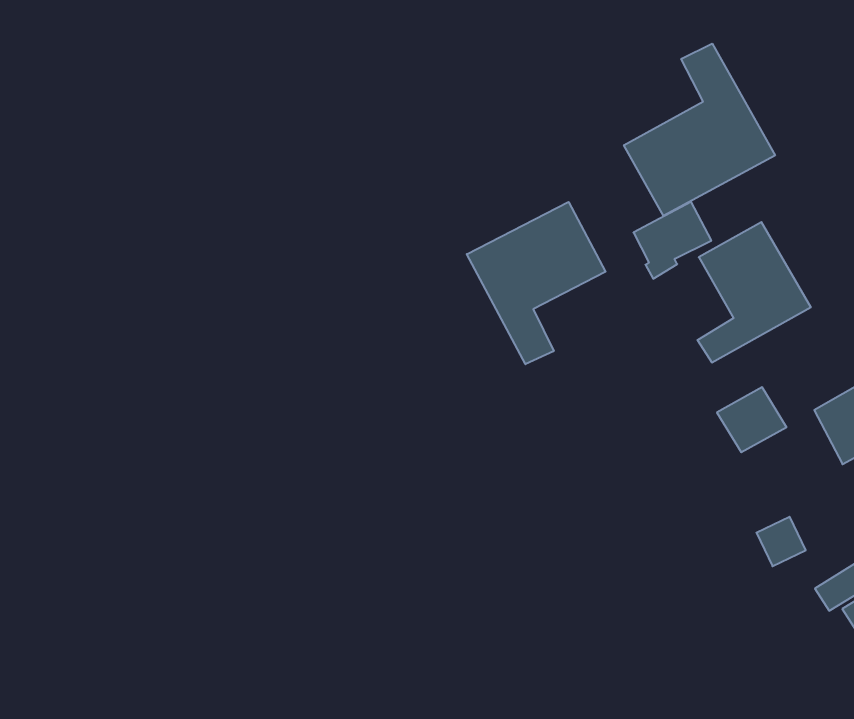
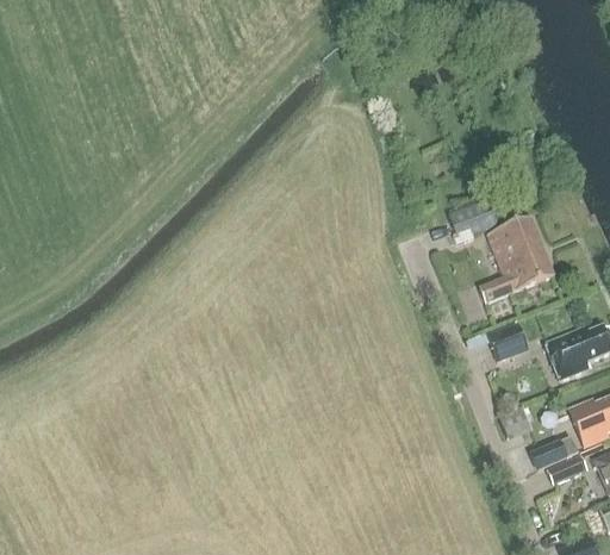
building: [624,44,775,216] -> none
building: [467,202,606,364] -> none

